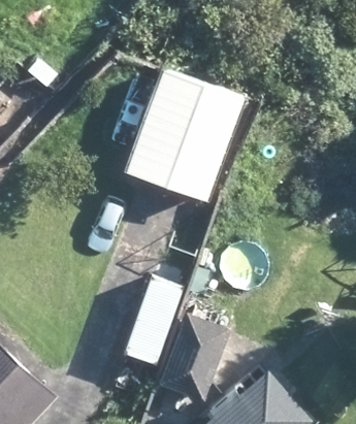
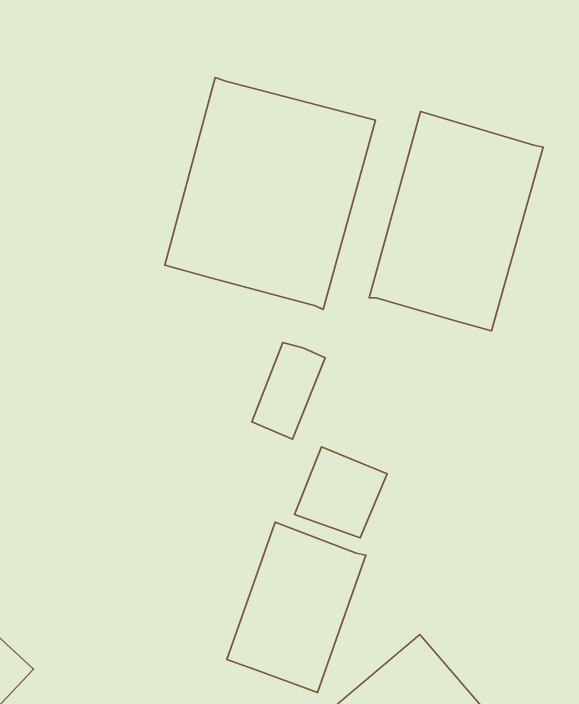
building: none -> [369,112,543,331]

